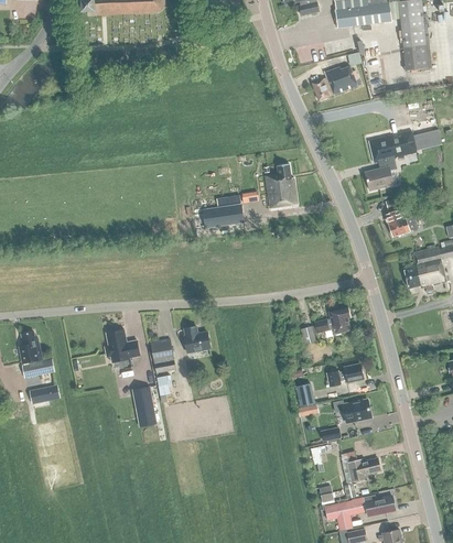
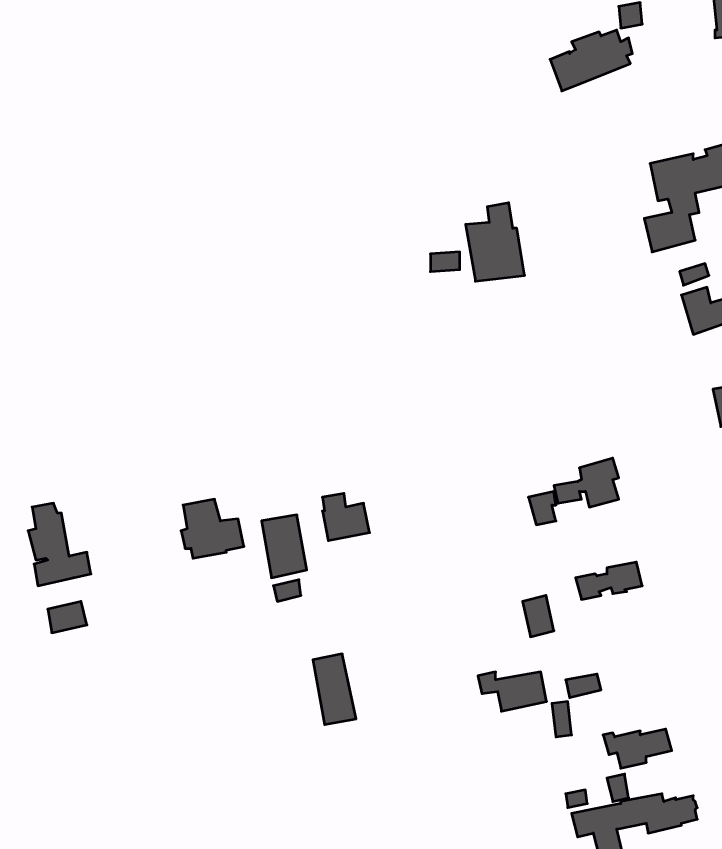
building: [203,204,244,228] -> none
building: [133,387,158,426] -> [313,654,356,725]
building: [333,400,371,422] -> [478,672,547,711]

